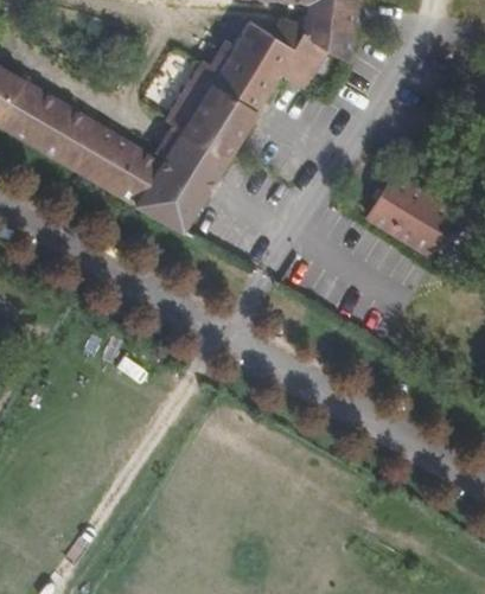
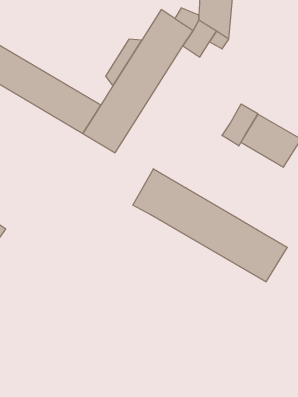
building: none -> [222,104,258,146]
building: none -> [133,169,287,282]

